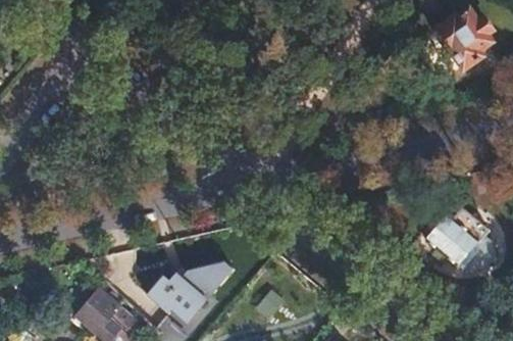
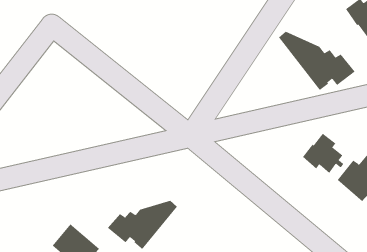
building: none -> [278,31,355,91]
building: none -> [302,133,343,174]

